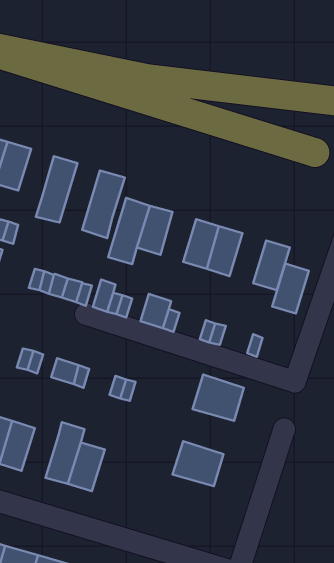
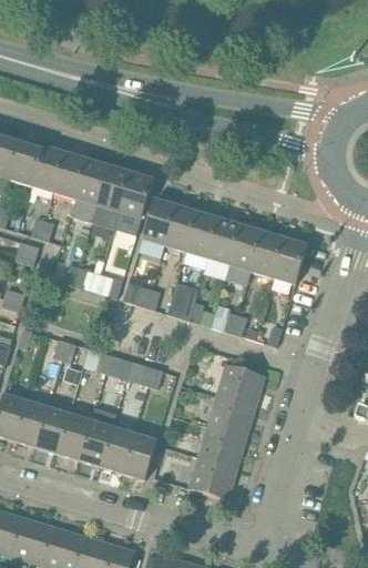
building: none -> [53,153,86,199]
building: none -> [92,166,130,229]
building: none -> [186,212,219,258]
building: [272,264,309,313] -> [251,232,285,278]
building: none -> [207,396,255,438]
building: none -> [57,414,91,460]
building: none -> [122,434,156,480]
building: none -> [188,457,236,500]

